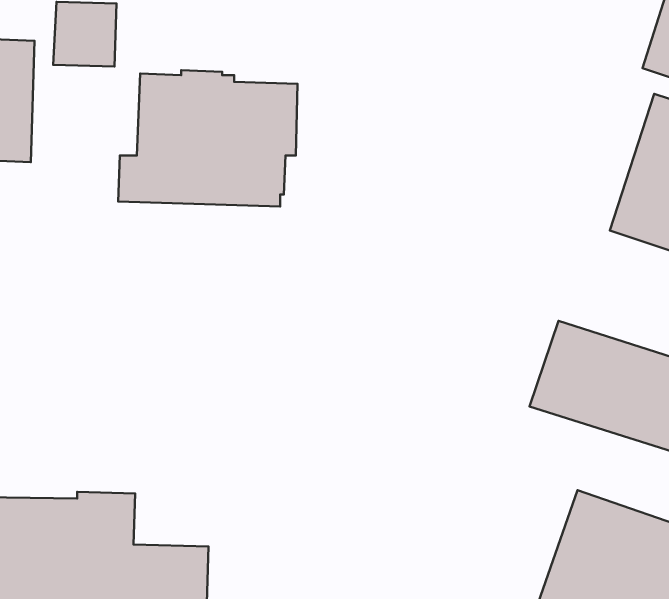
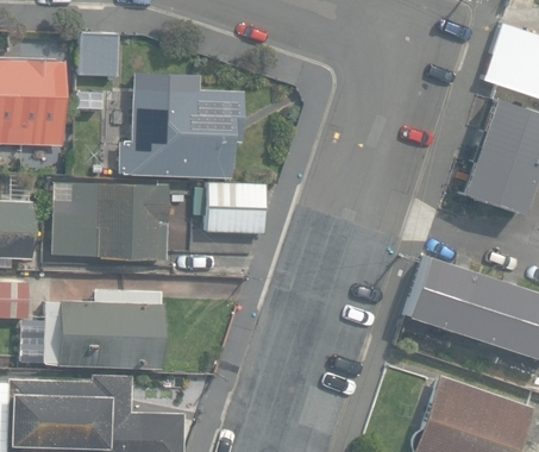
building: none -> [54,183,169,259]
building: none -> [207,183,267,234]
building: none -> [45,289,165,370]

